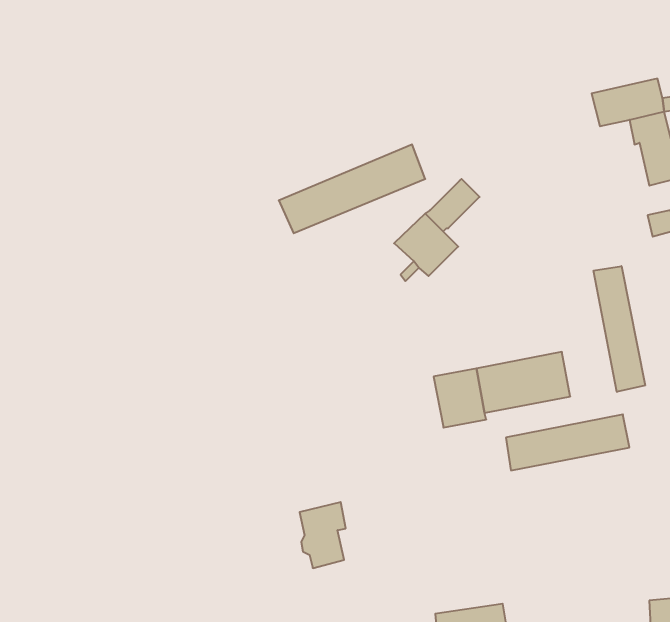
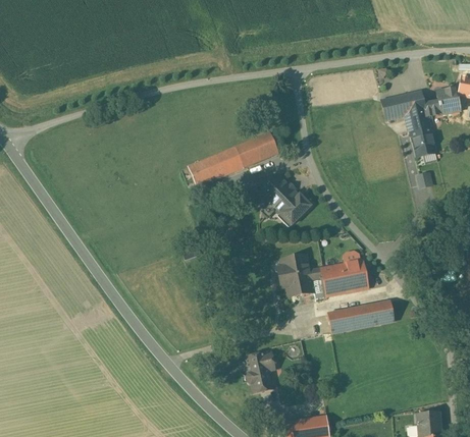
building: [425,179,480,232] -> [278,194,312,226]
building: [594,266,645,392] -> none
building: none -> [281,254,311,275]
building: [300,502,346,568] -> [247,351,275,392]

